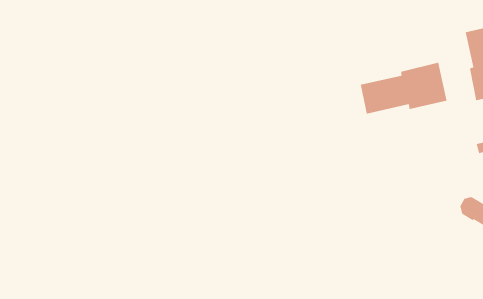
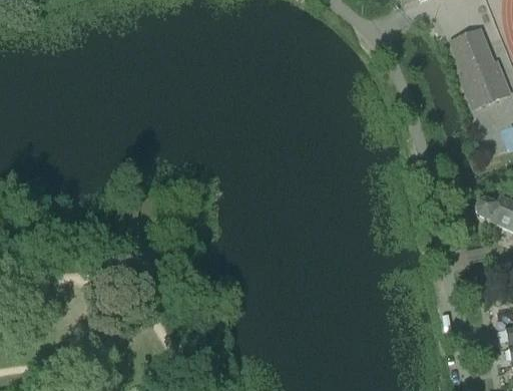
building: [360,62,447,114] -> none

